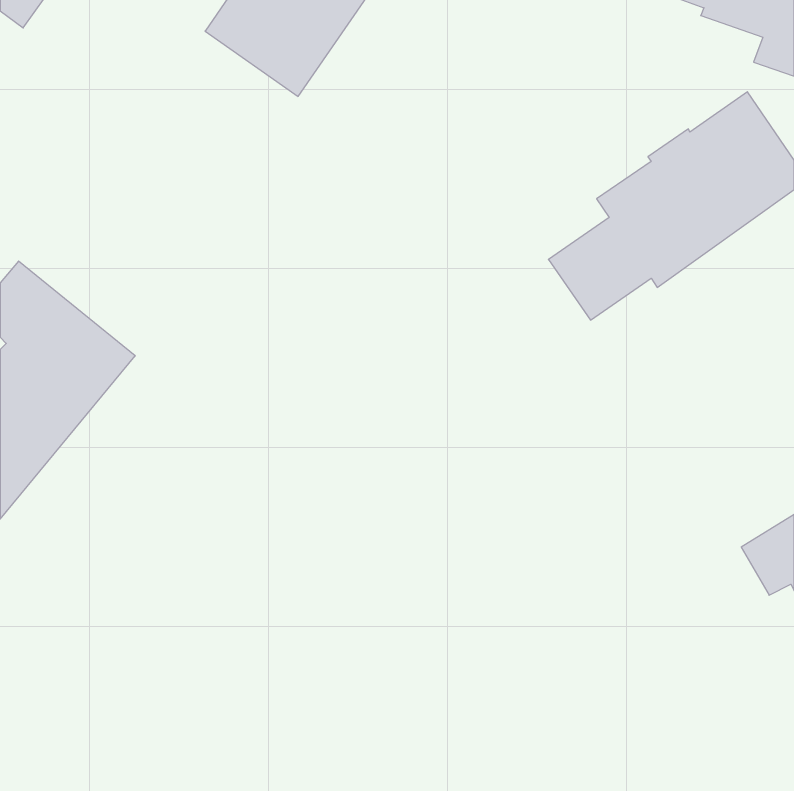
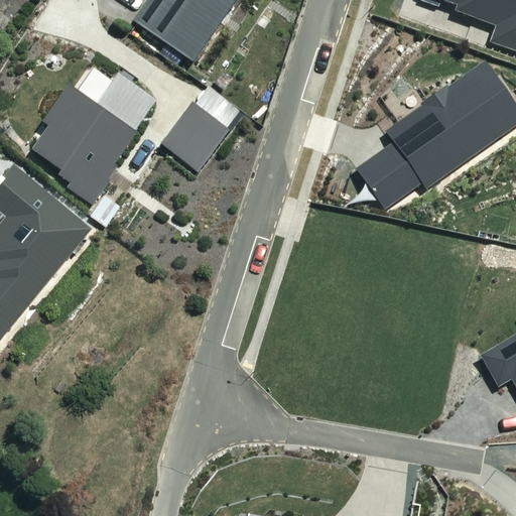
building: none -> [31,71,157,205]
building: none -> [160,102,230,171]

